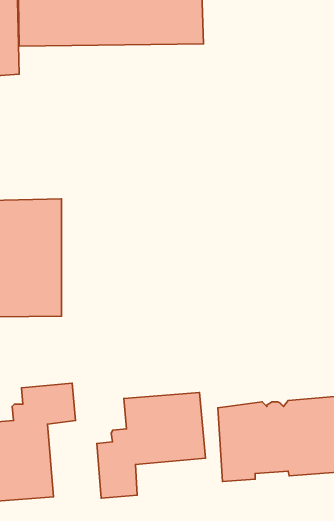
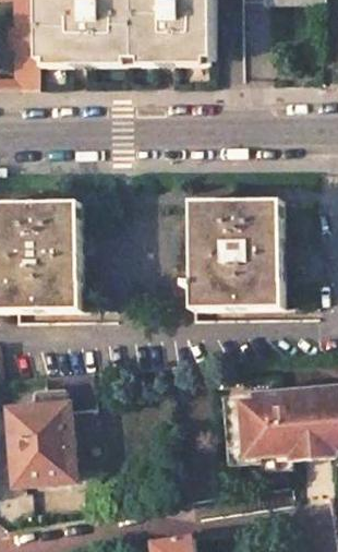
building: none -> [186,200,280,309]
building: [97,392,205,498] -> none

